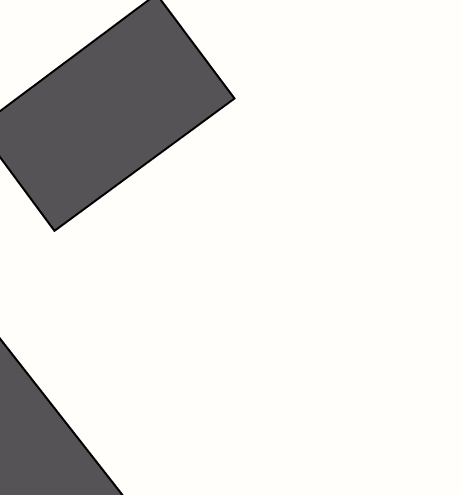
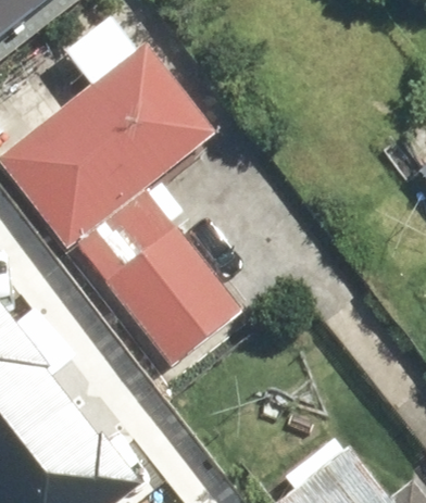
building: none -> [86,202,237,359]

